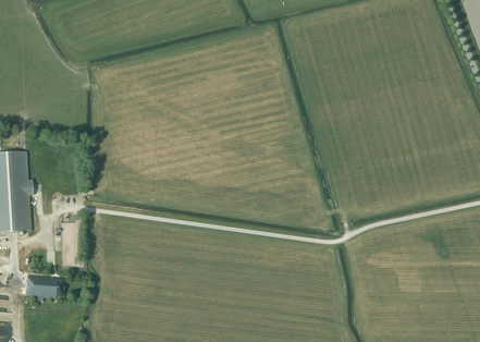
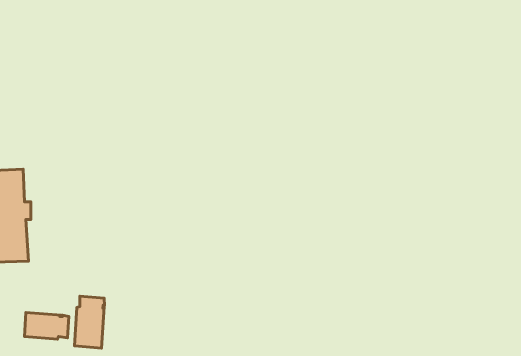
building: none -> [74,296,105,348]

